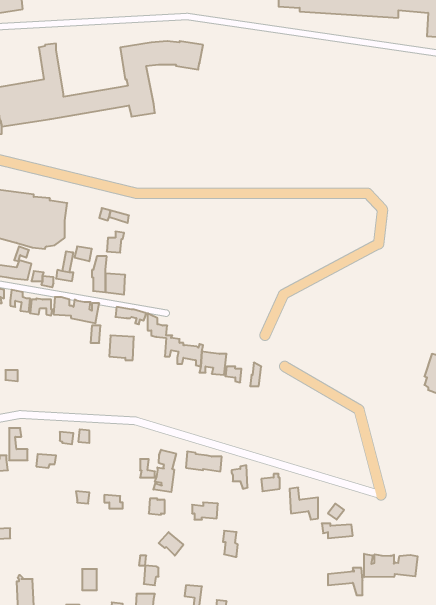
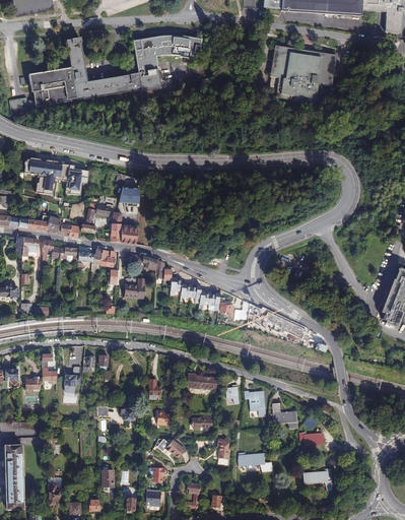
building: none -> [270,44,336,103]
building: [153,450,176,492] -> none
building: none -> [238,451,272,470]
building: [364,554,418,577] -> none

